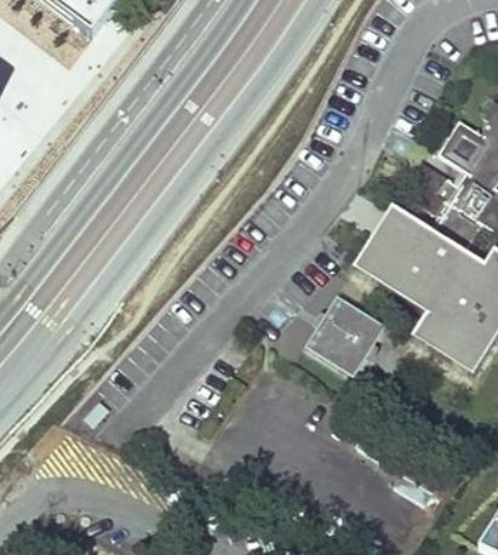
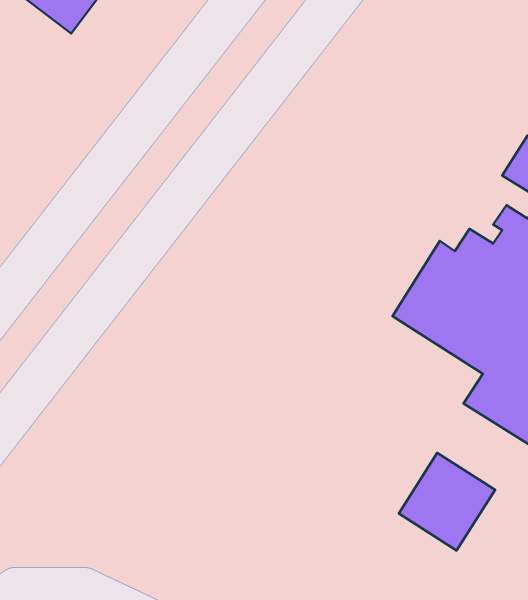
building: [308,293,387,373] -> [399,453,495,550]

